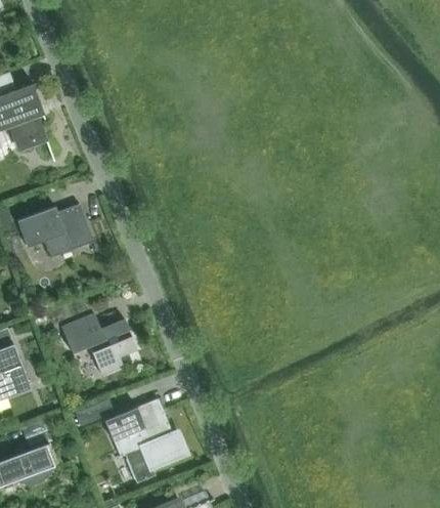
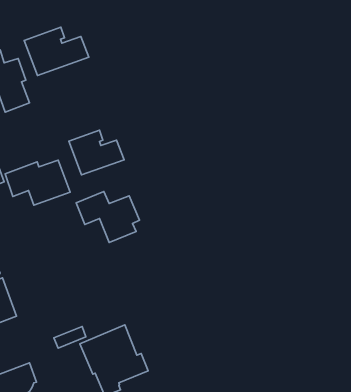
building: none -> [24,27,89,76]
building: none -> [69,130,124,175]
building: [62,314,137,375] -> [76,191,140,243]

